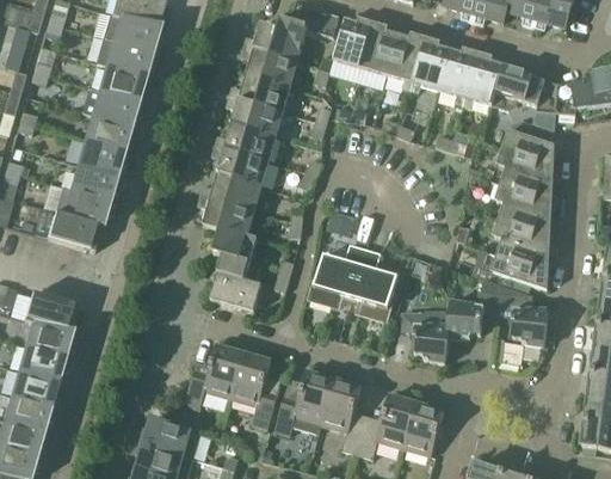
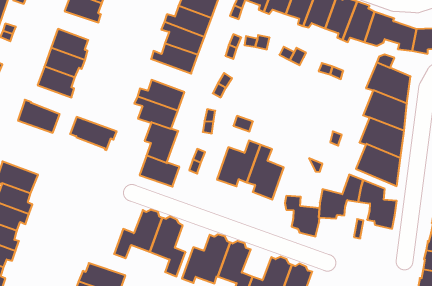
building: [79,87,143,127] -> none
building: [211,146,269,186] -> none
building: [54,188,115,228] -> [70,117,117,150]

